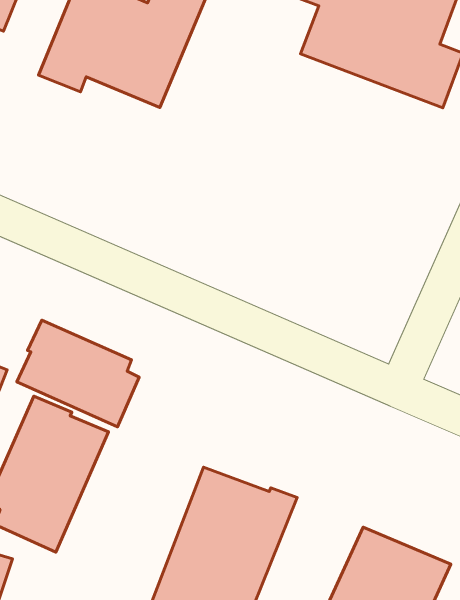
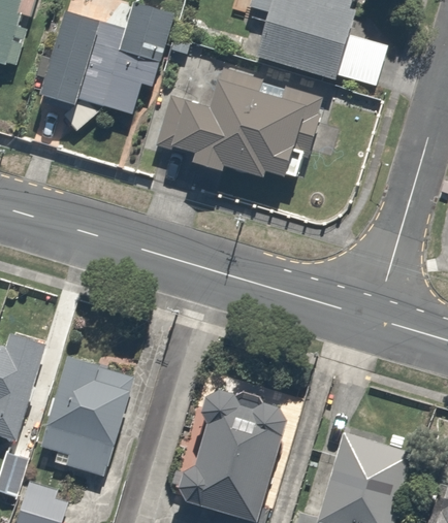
building: none -> [154,67,321,183]
building: [17,320,139,427] -> none

